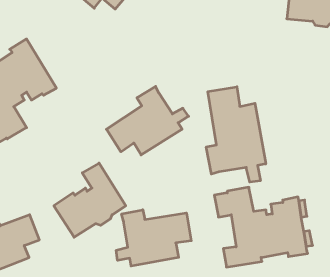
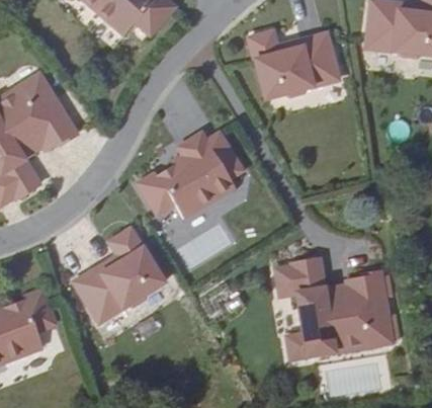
building: none -> [249,31,339,99]
building: [206,87,266,182] -> none
building: [116,210,191,266] -> none

